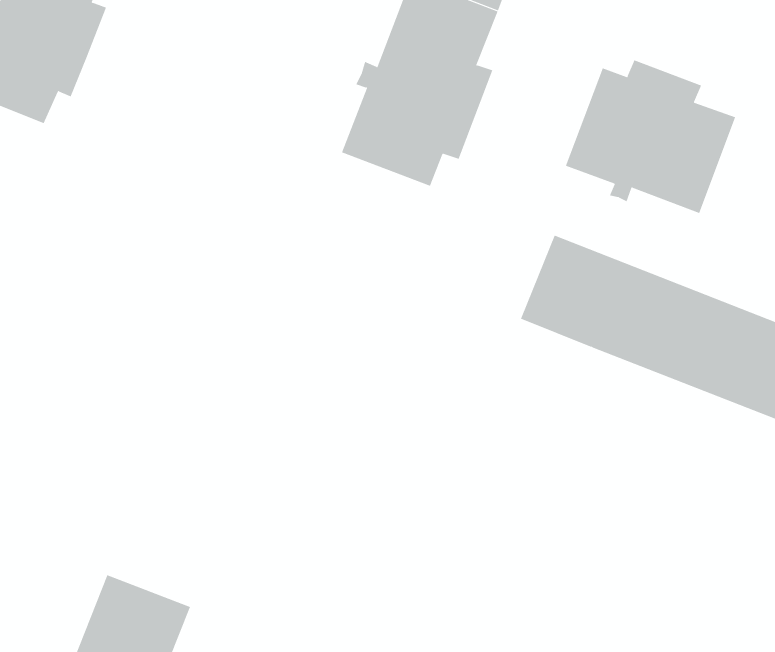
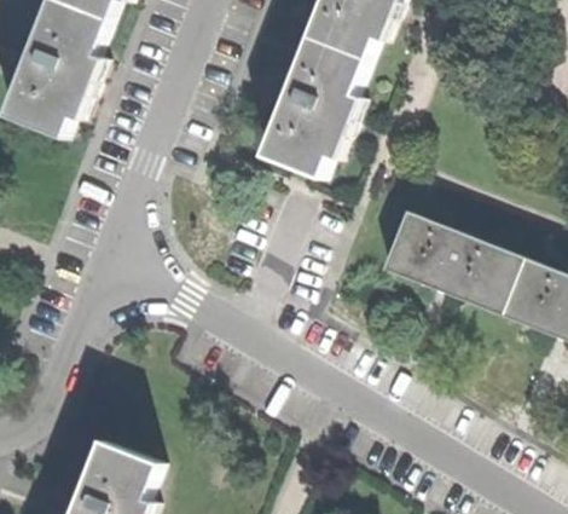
building: [565,59,736,214] -> none

